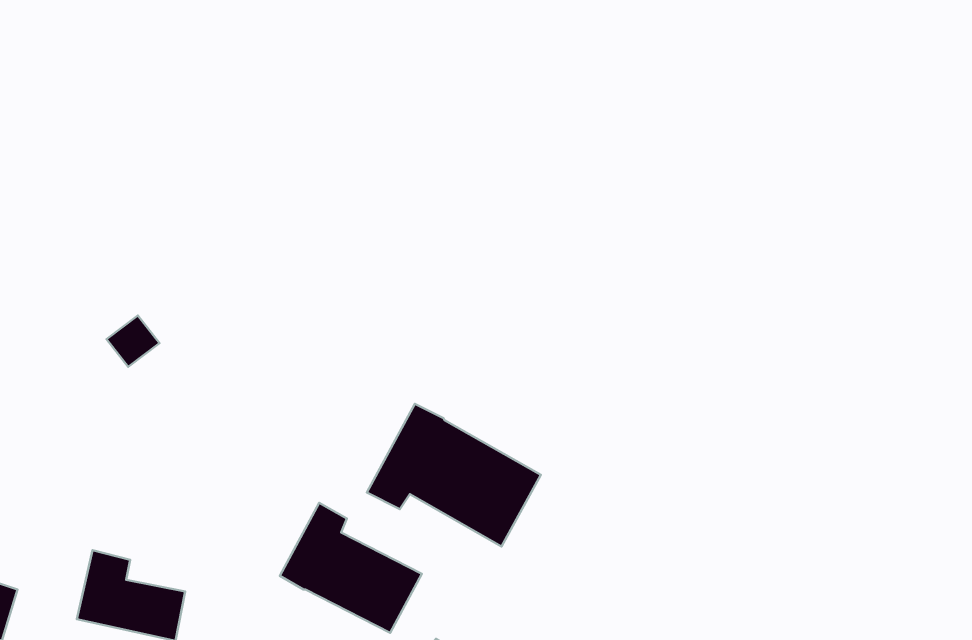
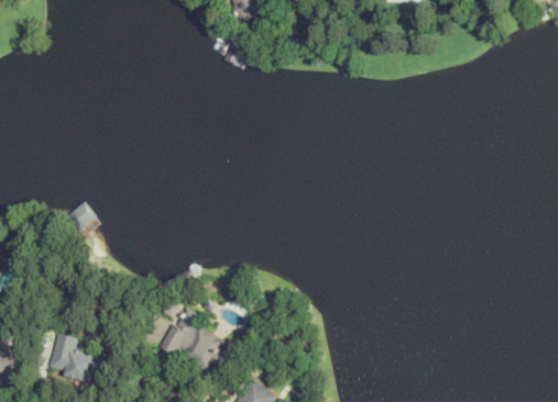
building: [367,404,541,546] -> none

